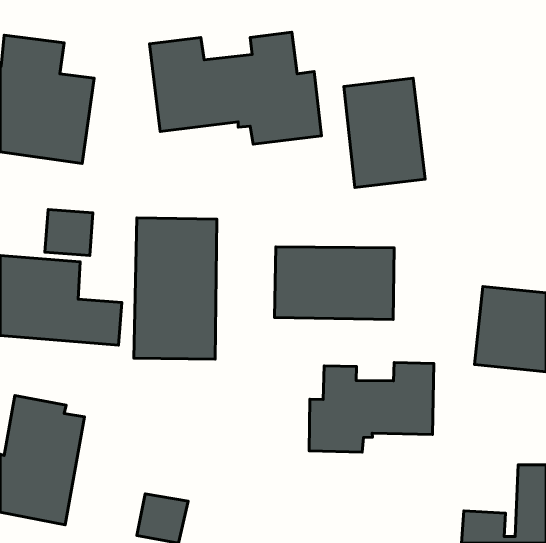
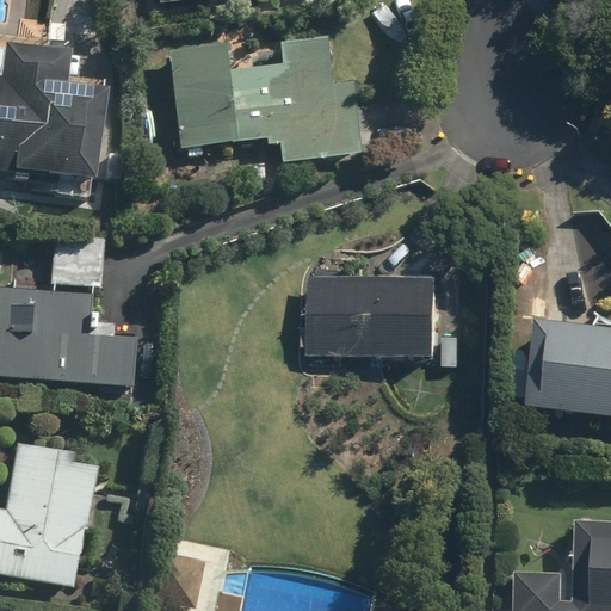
building: [344,78,425,188] -> none
building: [134,218,217,359] -> none
building: [309,363,434,452] -> none

